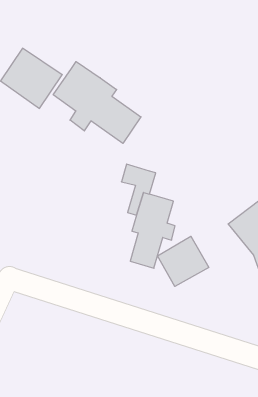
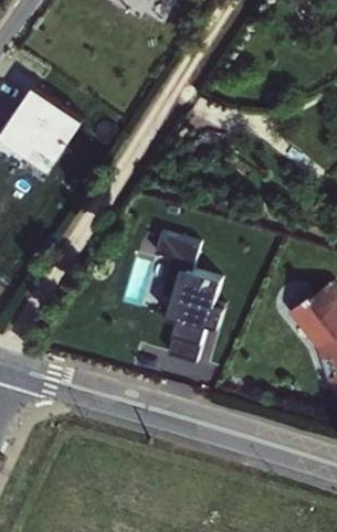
building: [53,62,141,143] -> none
building: [158,236,209,286] -> none

